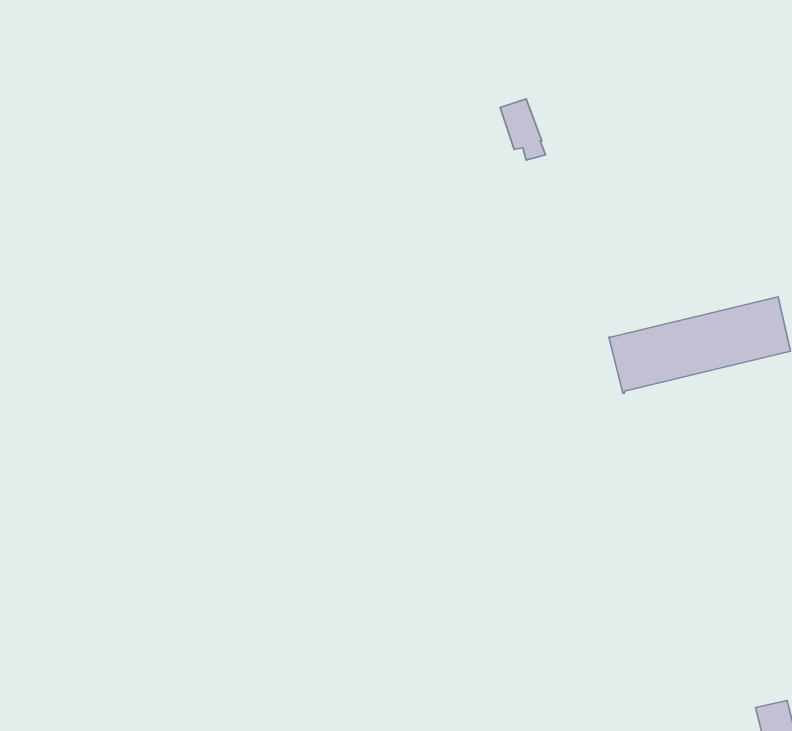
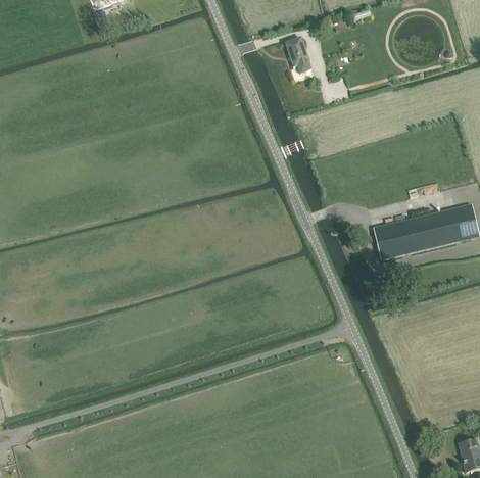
building: [500,99,545,160] -> [284,37,310,73]

